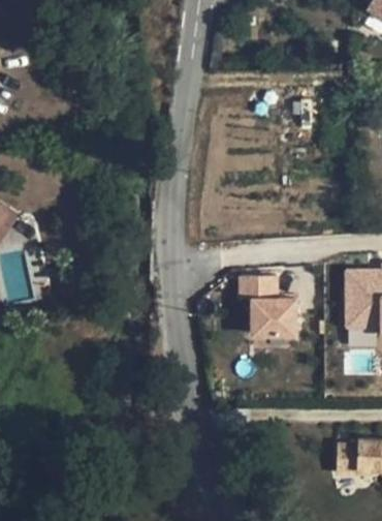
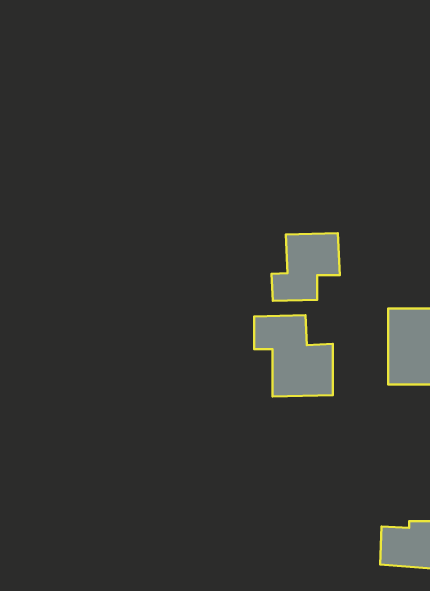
building: none -> [272,233,340,301]

